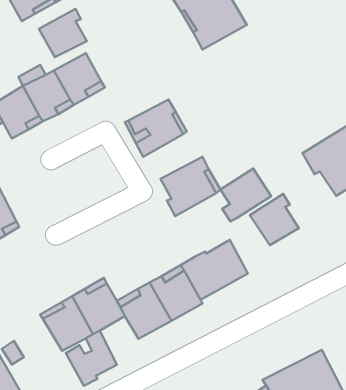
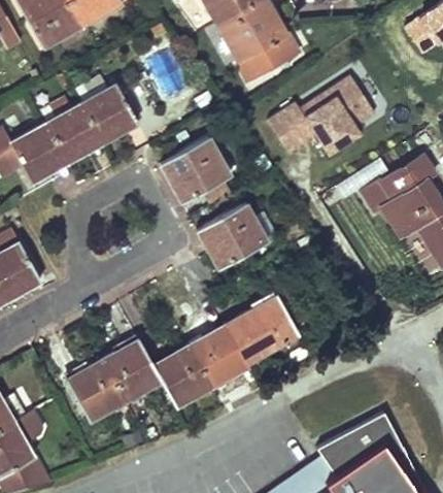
building: [39,9,87,57] -> none
building: none -> [269,70,381,155]
building: [221,169,271,222] -> none
building: [250,194,299,245] -> none
building: [66,331,117,386] -> none

